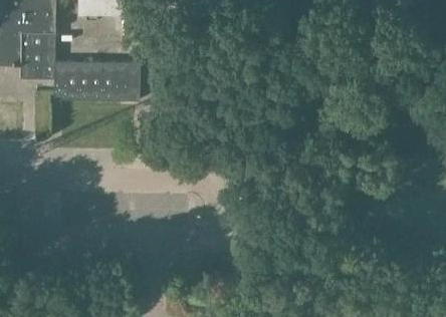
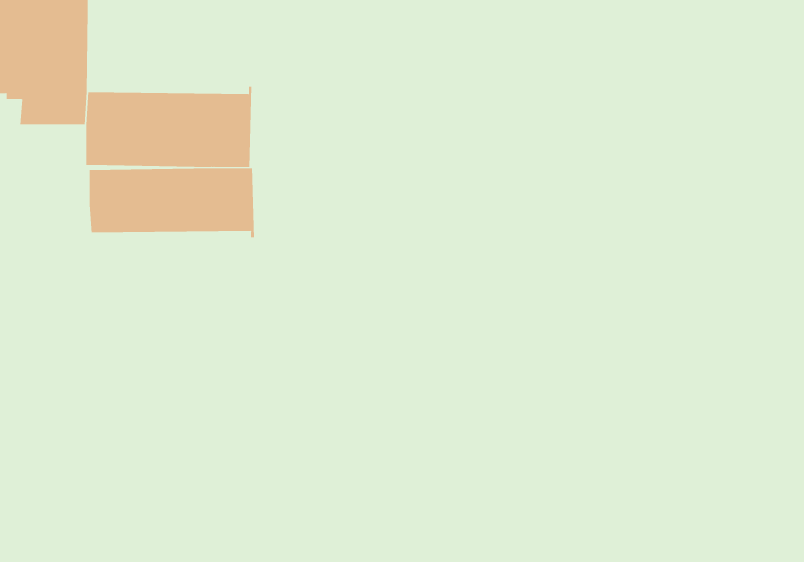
building: none -> [89,167,254,238]

